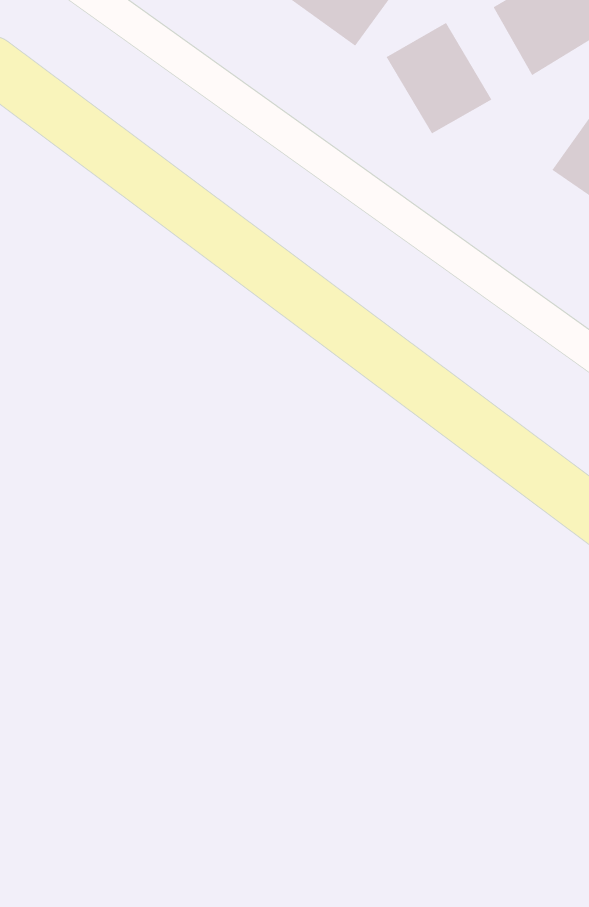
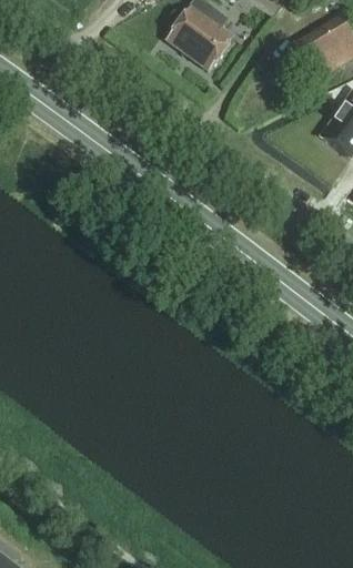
building: [386,22,492,134] -> none

